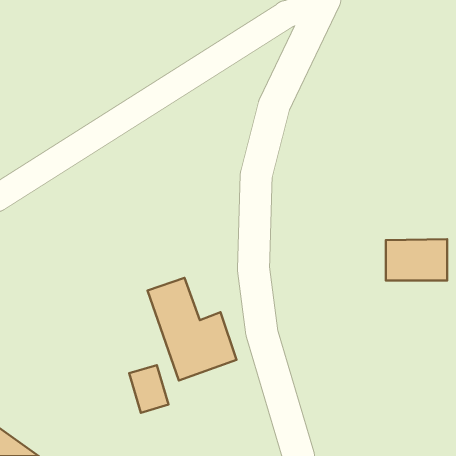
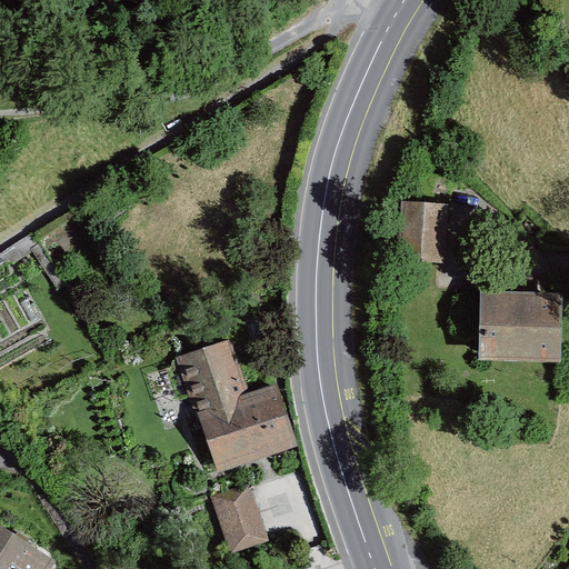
building: none -> [402,206,440,258]
building: [129,365,169,413] -> [218,490,267,549]

